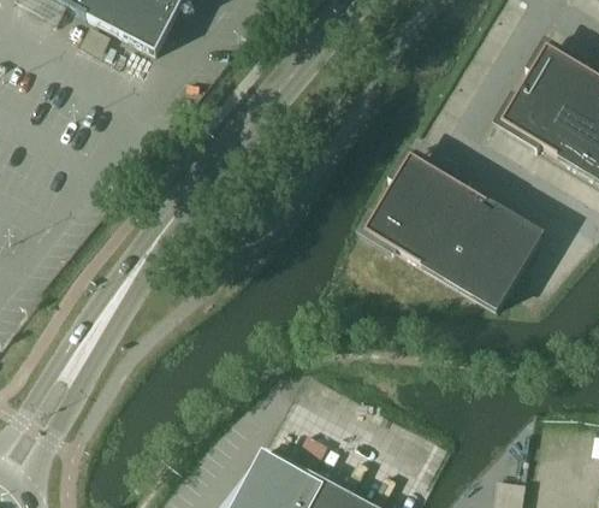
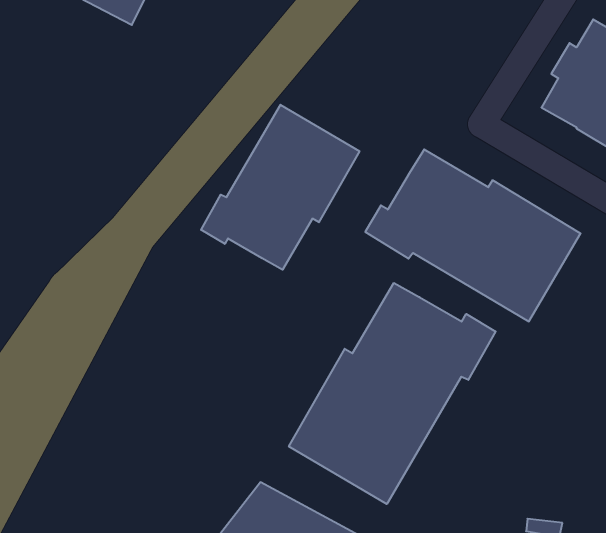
building: none -> [201,105,359,270]
building: none -> [289,283,496,504]

